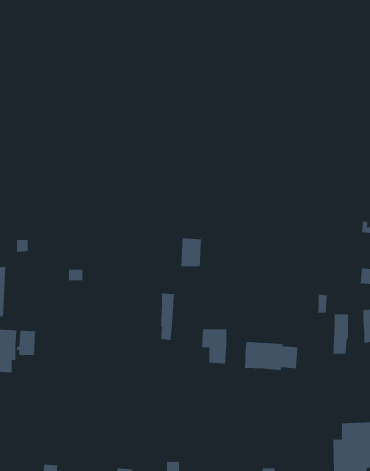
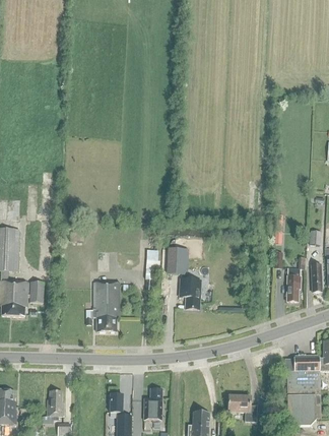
building: [181,238,202,267] -> [168,247,185,271]
building: none -> [86,281,120,329]
building: [244,341,298,371] -> none

